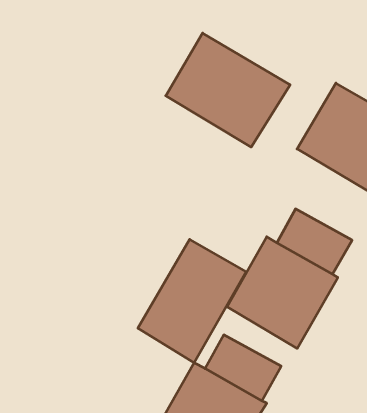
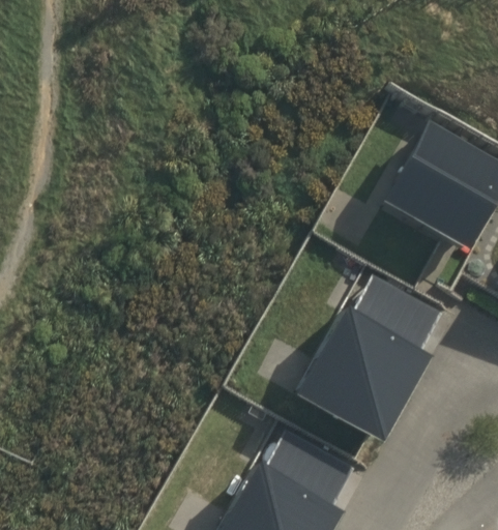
building: [166,33,290,147] -> none
building: [138,239,246,363] -> none

